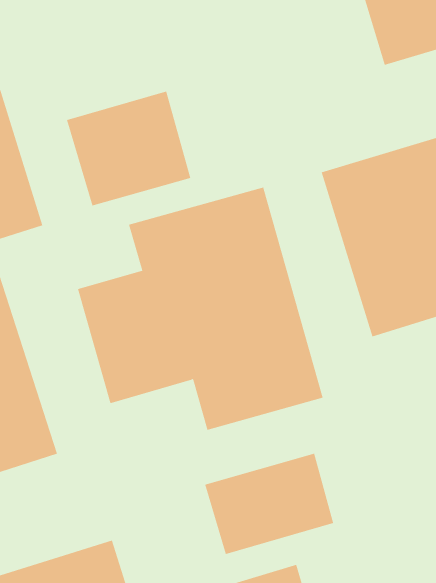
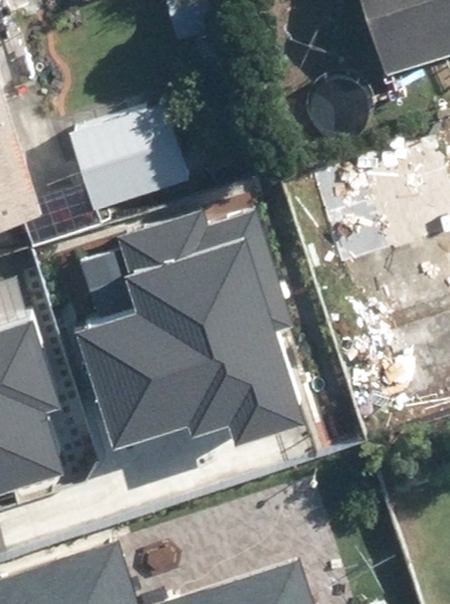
building: [204,453,334,555] -> none

